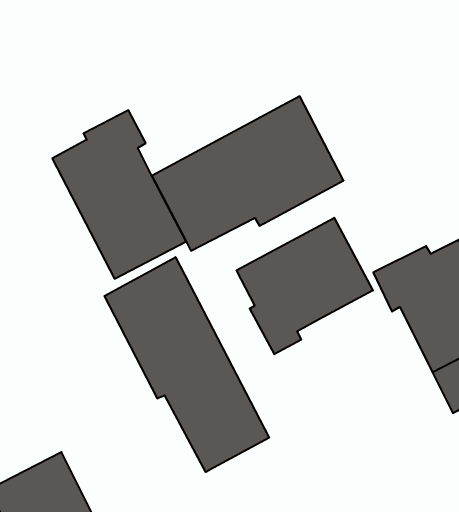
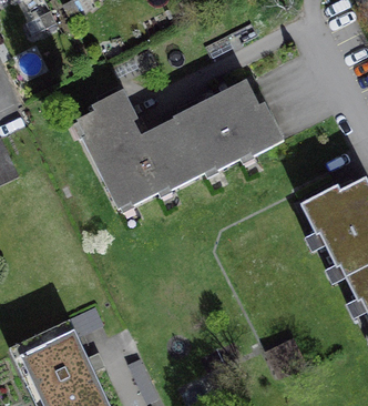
building: [237,218,373,354] -> none
building: [104,257,269,472] -> none

